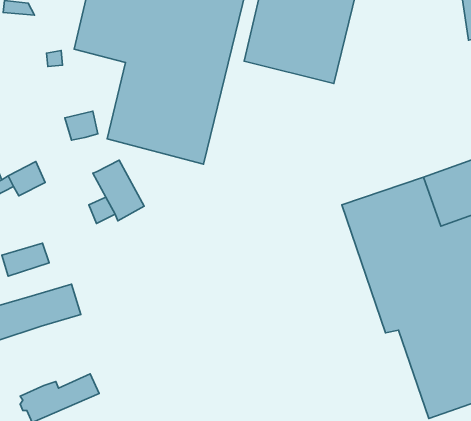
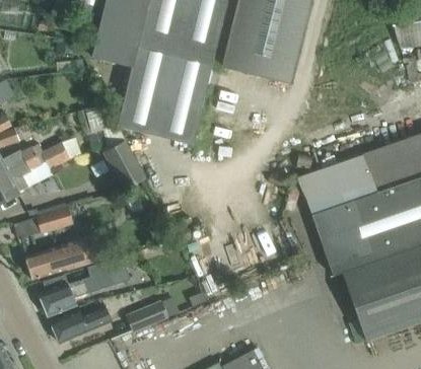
building: none -> [40,257,130,316]
building: none -> [128,303,167,331]

